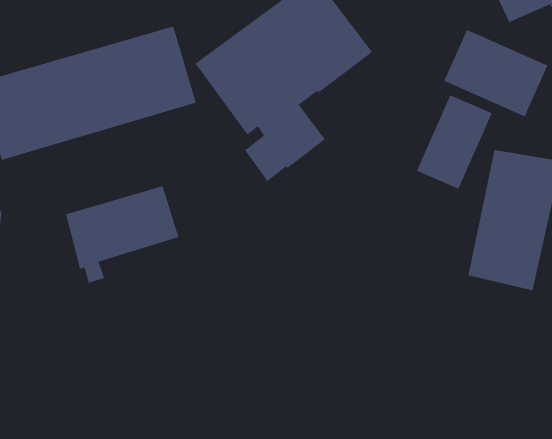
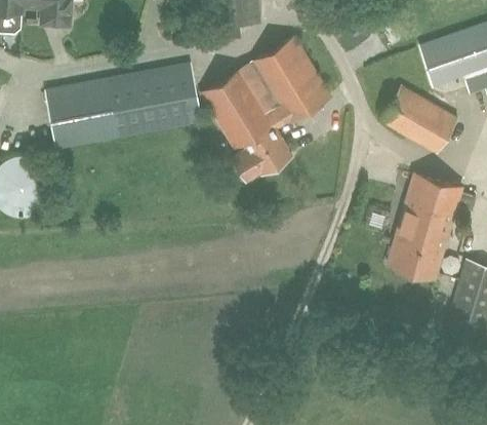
building: [416,94,493,190] -> none
building: [65,185,180,284] -> none

